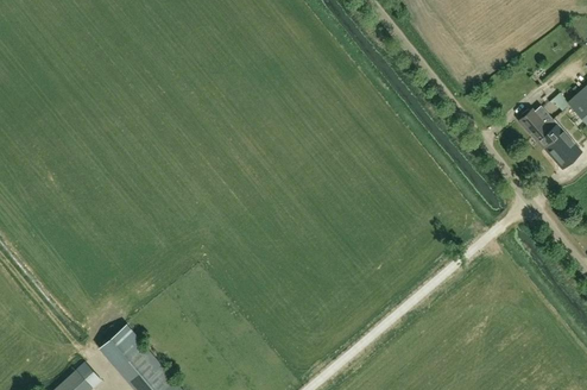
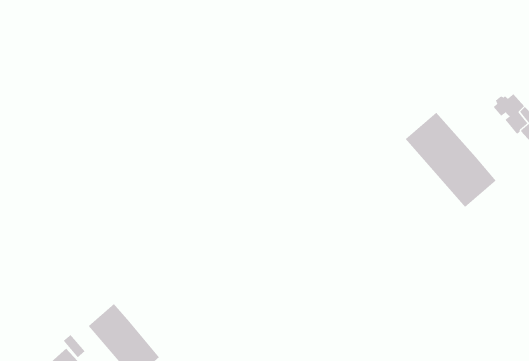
building: none -> [405,112,497,208]

